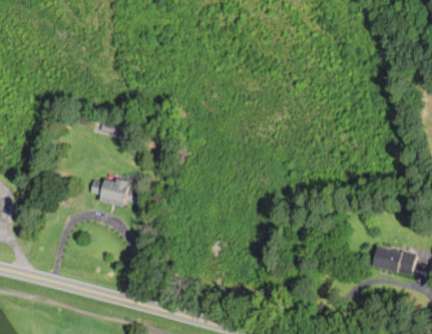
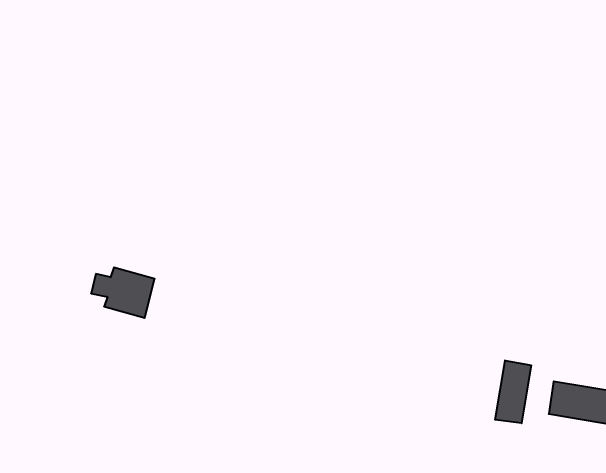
building: none -> [495,360,531,423]

